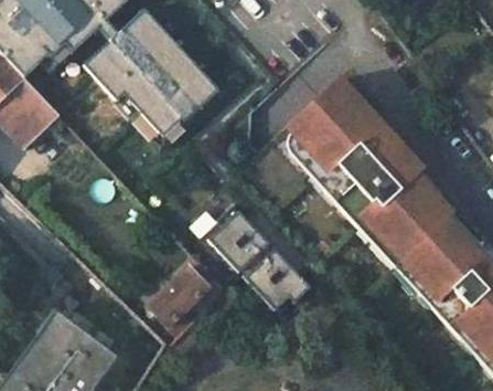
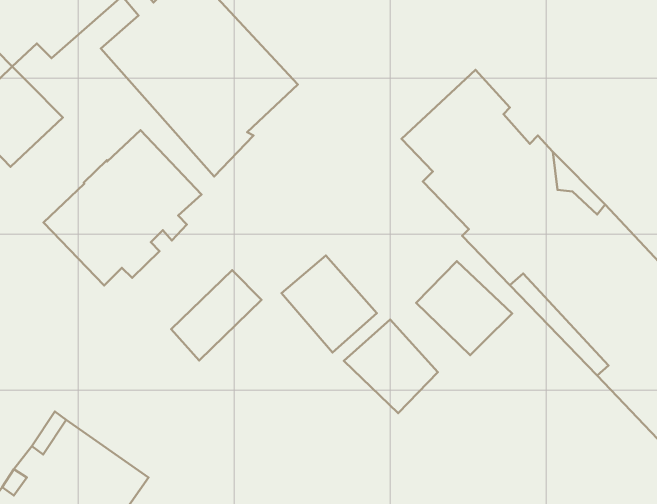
building: none -> [43,130,202,286]
building: none -> [416,261,512,355]
building: [150,267,211,328] -> [171,270,262,361]

